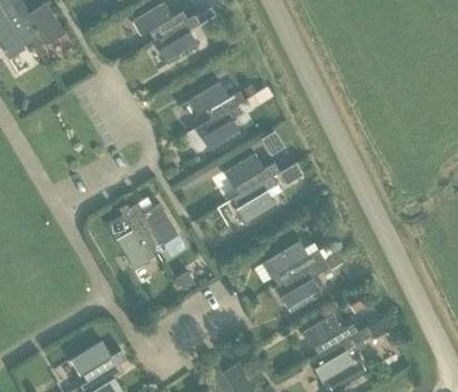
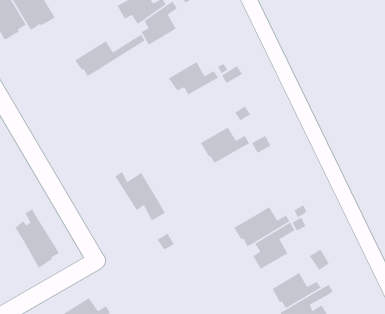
building: none -> [74,34,145,77]
building: [201,103,242,152] -> none
building: [232,175,276,224] -> none
building: [106,203,156,270] -> [14,208,60,269]

